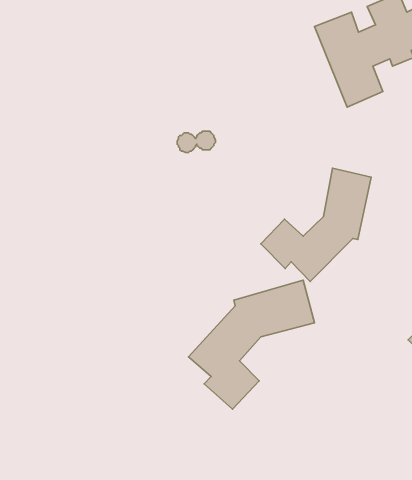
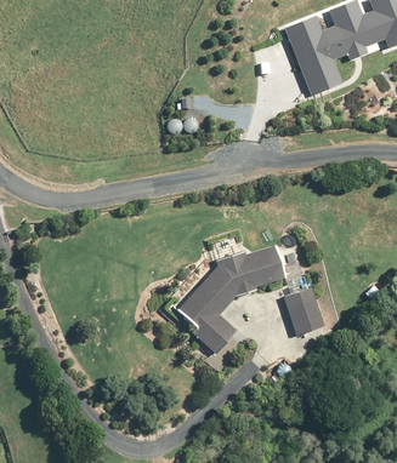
building: [261,168,371,282] -> none
building: none -> [283,284,324,335]

